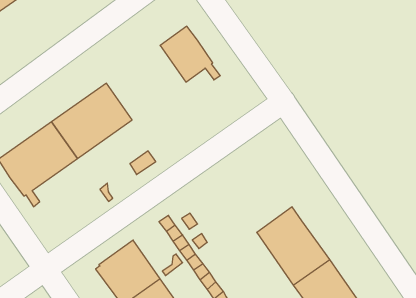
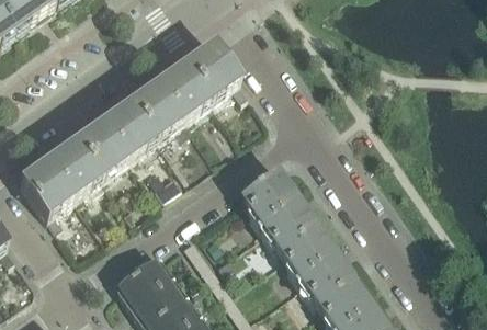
building: none -> [128,60,209,136]
building: none -> [244,171,318,251]

